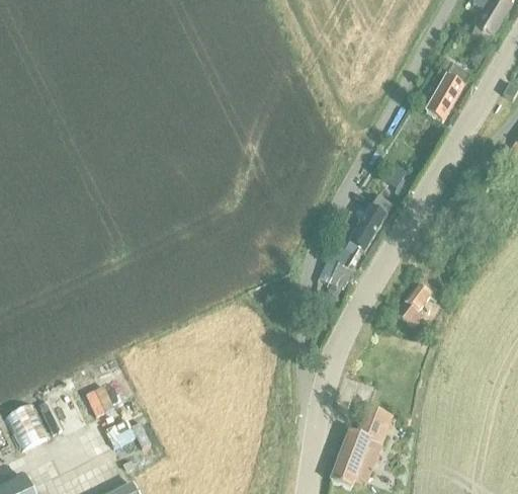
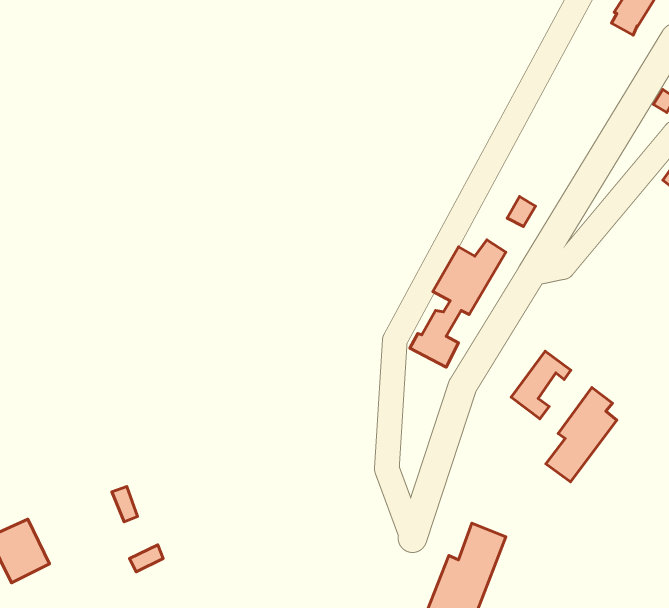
building: [426,64,469,119] -> none
building: none -> [546,388,617,482]

